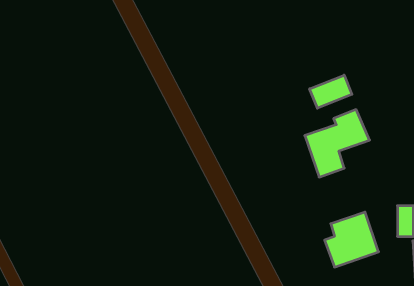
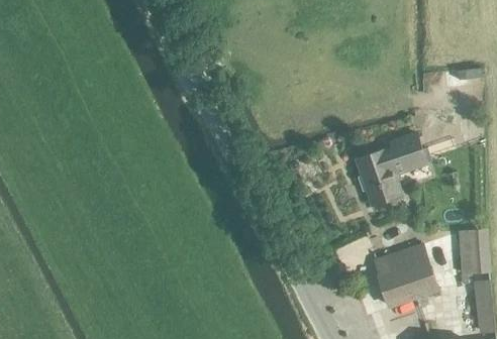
building: [310,75,352,108] -> none

